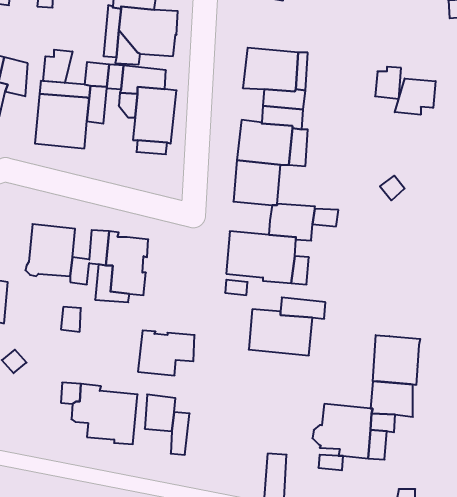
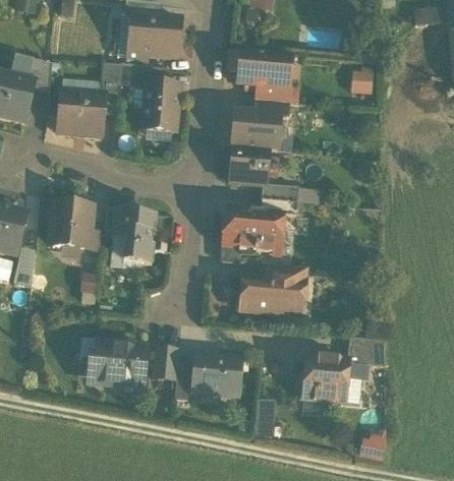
building: [43,50,72,83] -> none
building: [395,78,436,115] -> none
building: [138,330,195,375] -> [192,356,241,395]
building: [373,335,420,385] -> none

